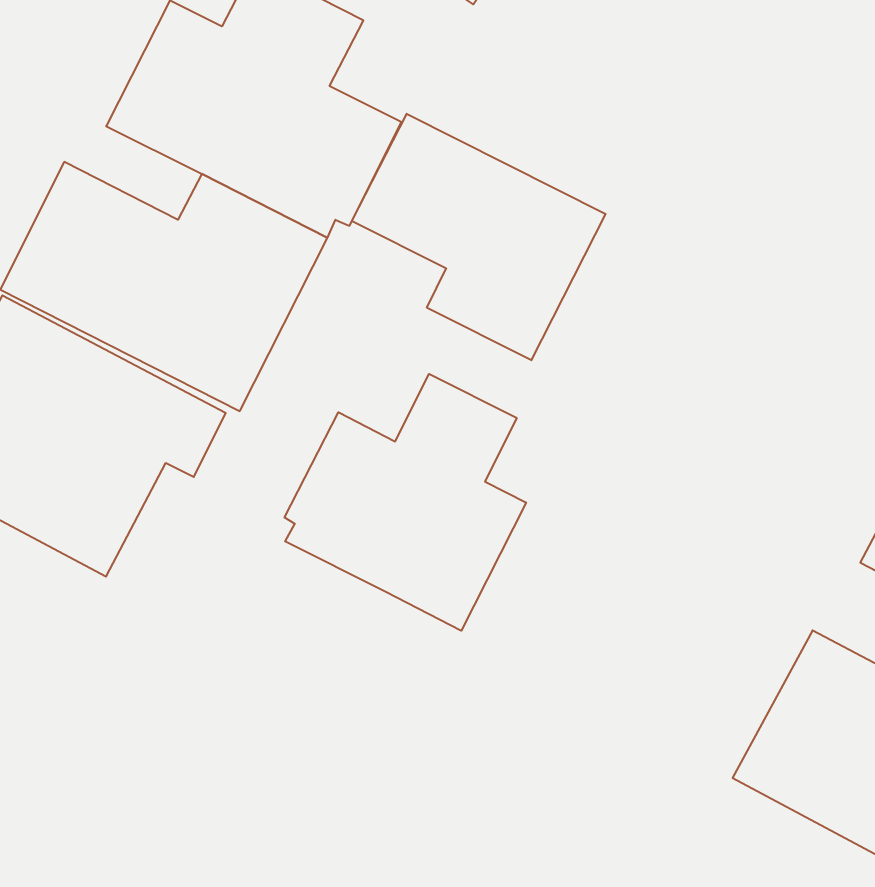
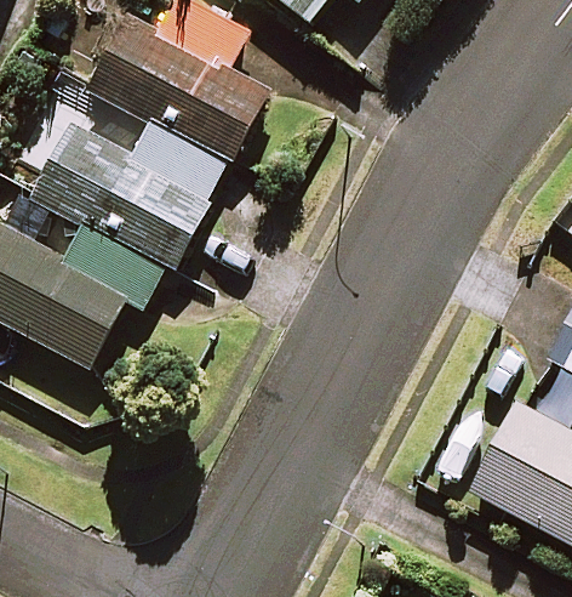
building: [352,114,606,360] -> none
building: [285,374,526,631] -> none

